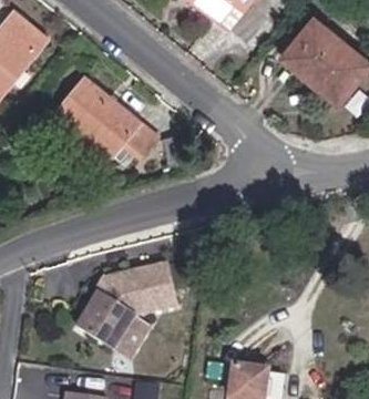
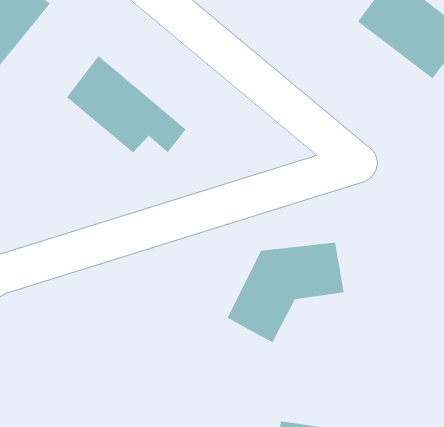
building: [73,279,166,359] -> [227,242,344,343]

